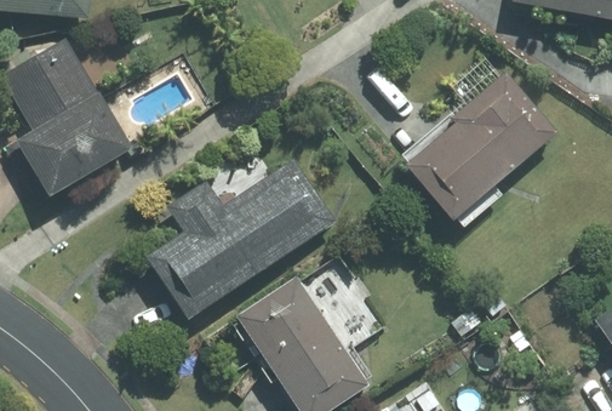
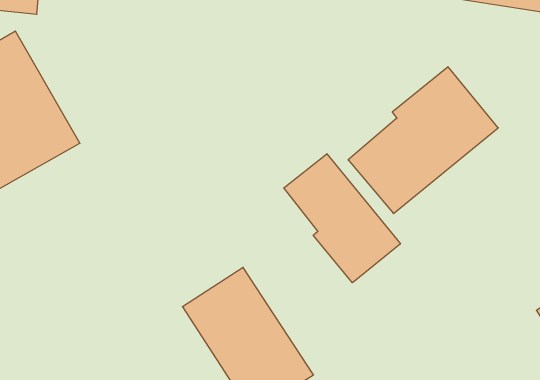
building: [143,159,336,320] -> none
building: none -> [284,154,400,283]

